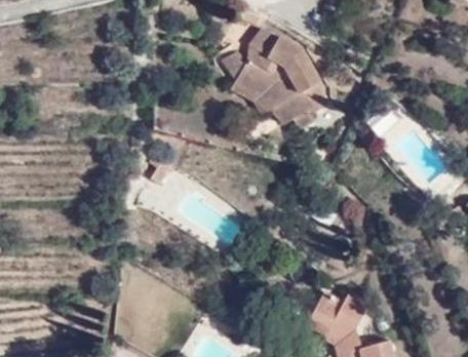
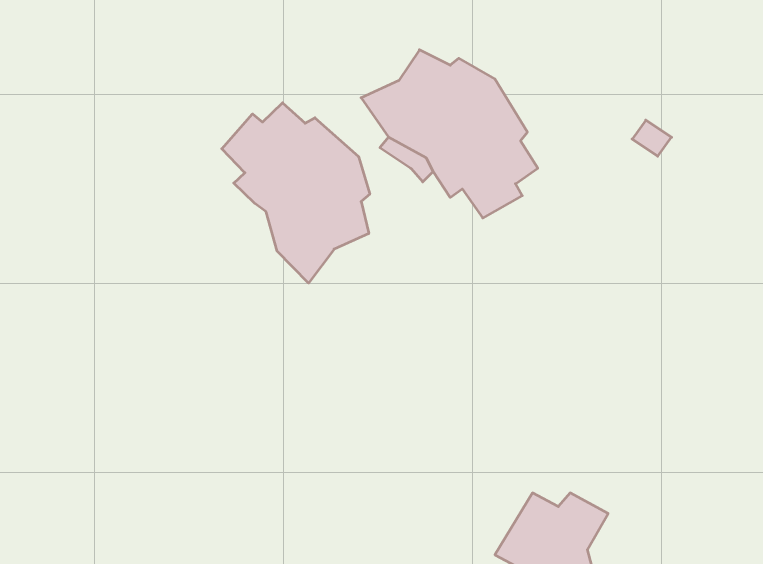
building: none -> [222,103,370,283]

